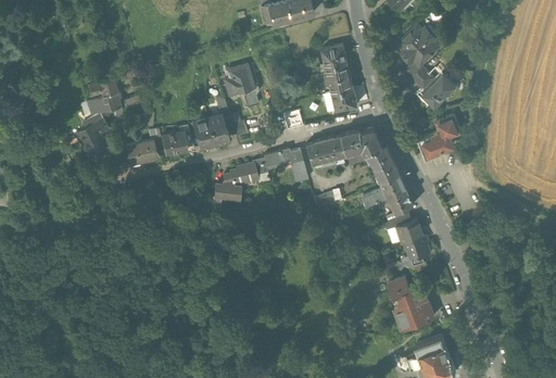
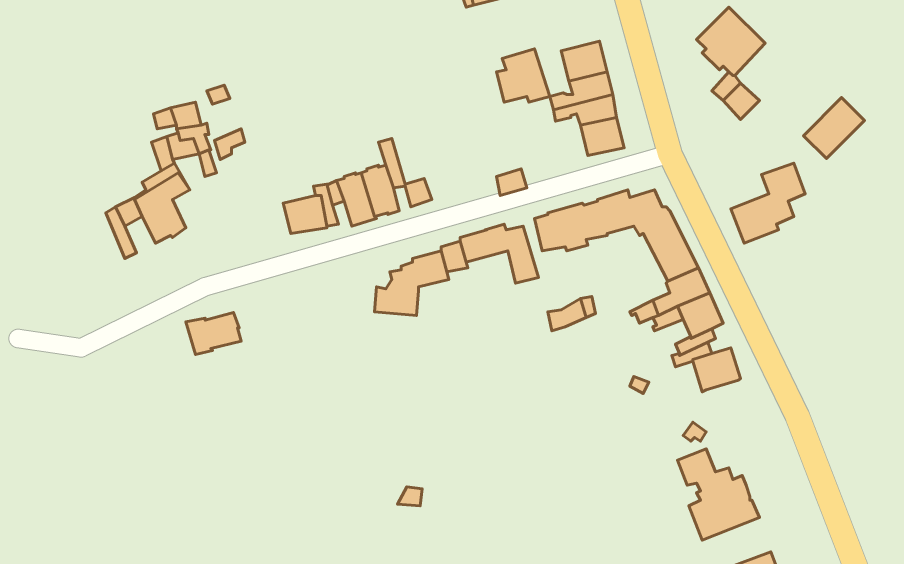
building: [225,65,255,96] -> [496,49,550,102]
building: [421,73,456,108] -> [804,98,864,159]
building: [126,142,157,166] -> [186,312,241,354]
building: [401,238,429,267] -> none

